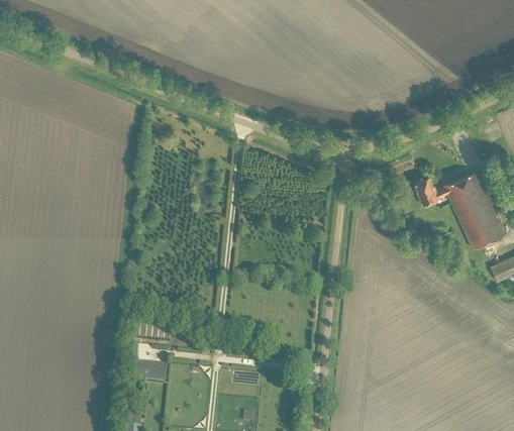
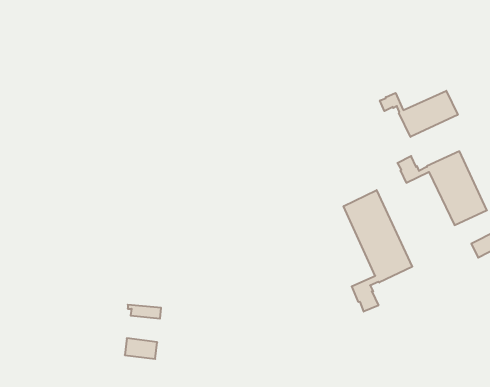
building: none -> [380,91,458,137]
building: none -> [344,190,412,312]

